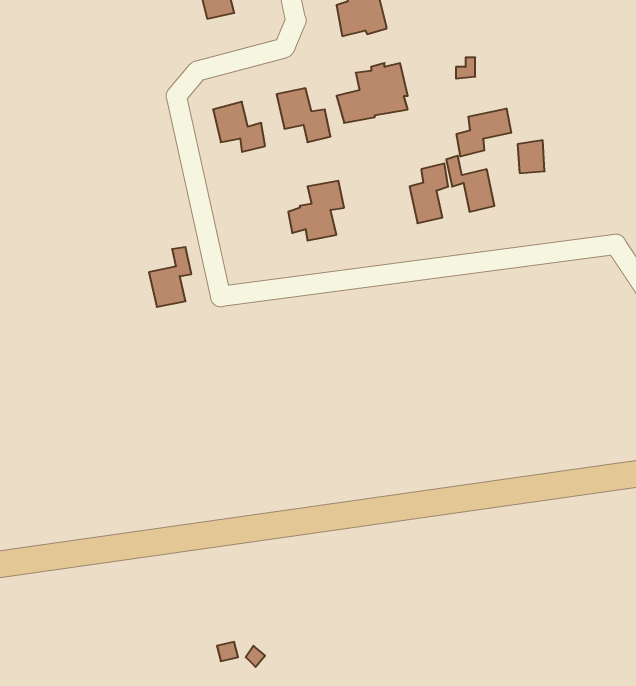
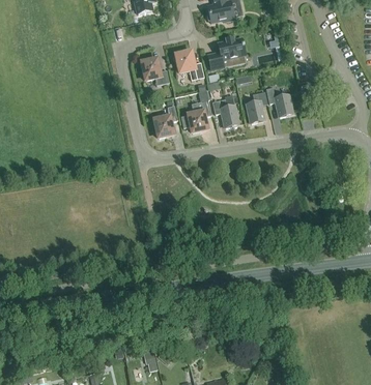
building: [457,108,511,157] -> none
building: none -> [212,99,238,127]
building: [149,247,191,307] -> [154,106,177,138]

